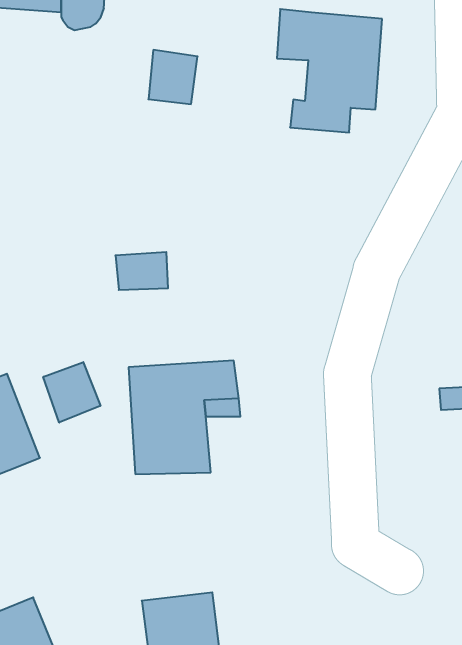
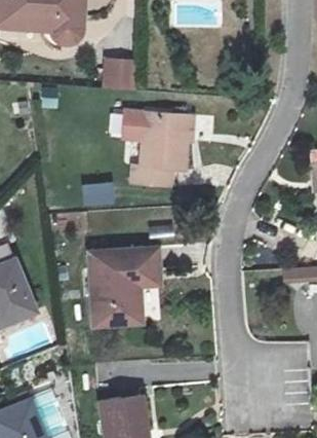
building: [277,9,382,132] -> [121,110,187,187]
building: [43,362,100,423] -> none

